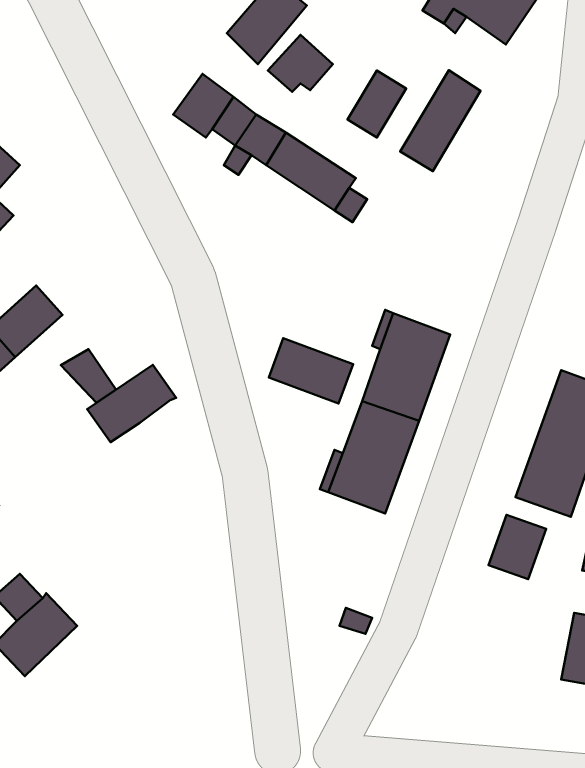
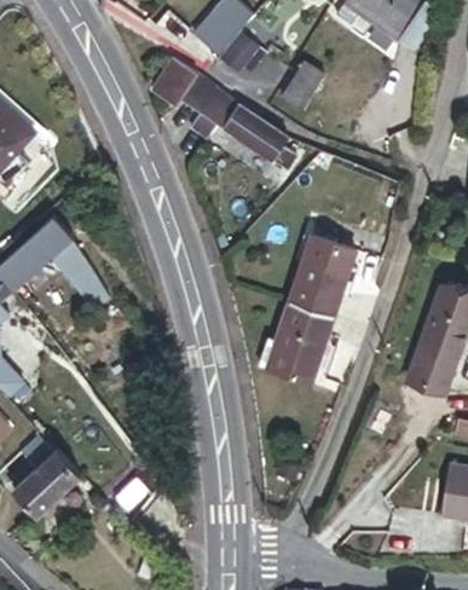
building: [400,70,480,171] -> none
building: [269,338,353,403] -> none
building: [87,365,176,442] -> none
building: [488,515,546,579] -> none

